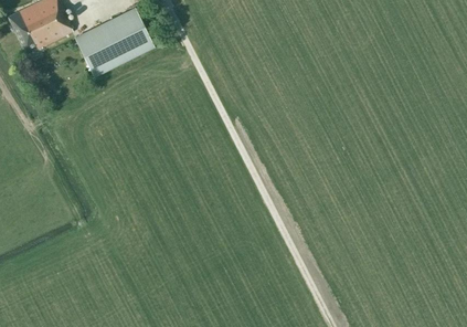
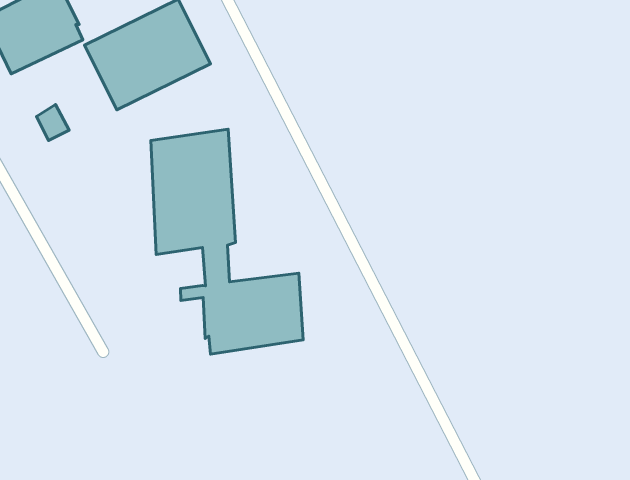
building: none -> [151,129,303,354]

